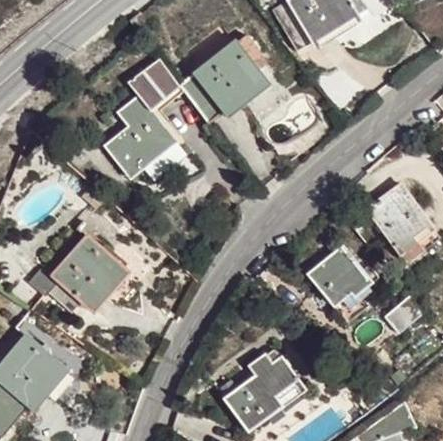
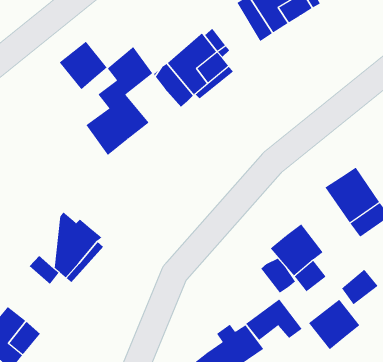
building: none -> [59,41,108,90]
building: [27,240,80,298] -> none
building: none -> [260,258,296,294]
building: none -> [245,299,303,341]
building: none -> [308,299,360,350]

